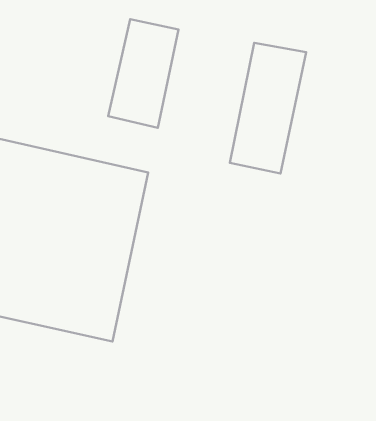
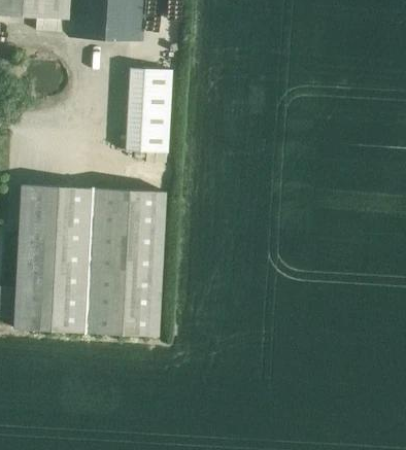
building: [230,43,306,174] -> none

